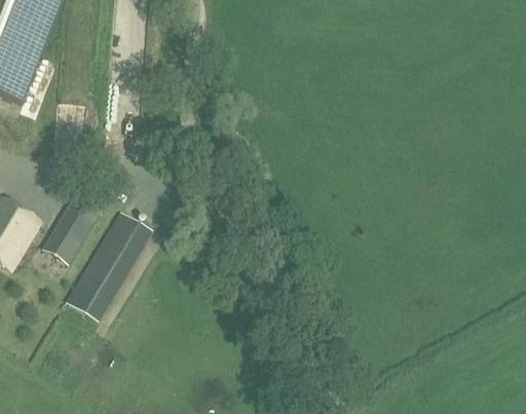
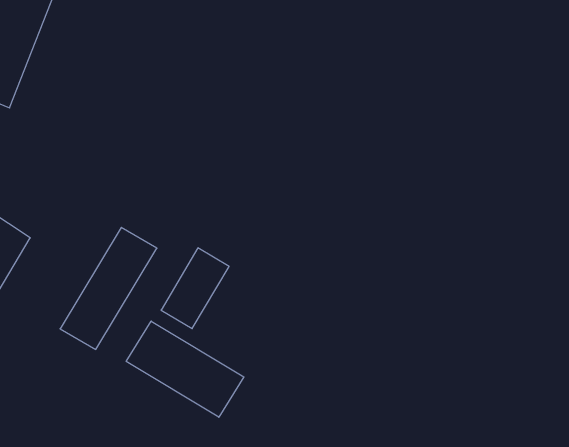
building: [40,194,101,266] -> [161,248,229,329]
building: none -> [126,321,244,417]

